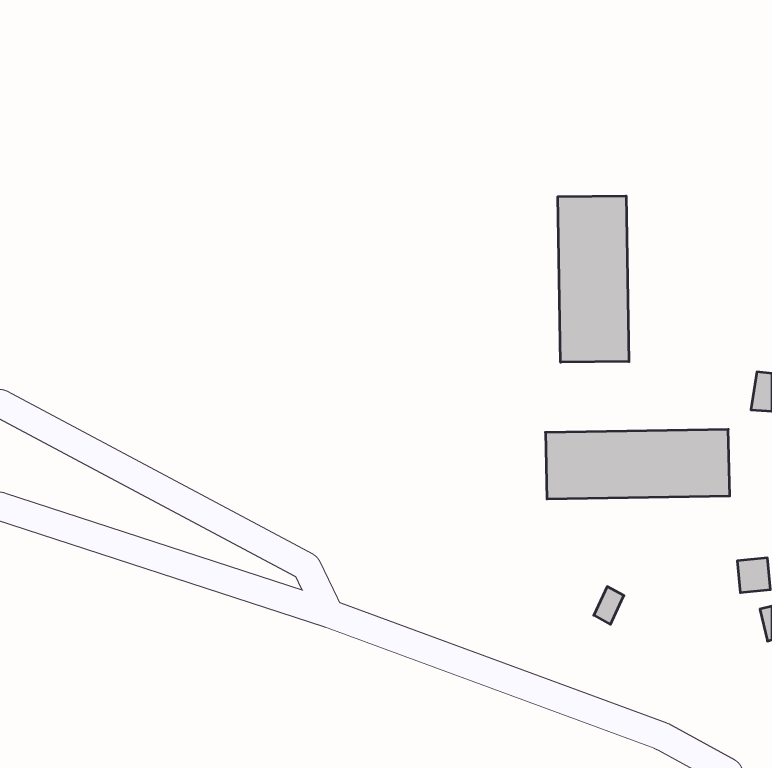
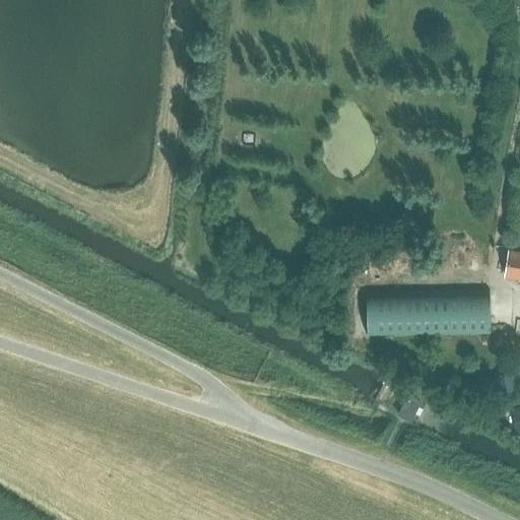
building: [558,196,629,362] -> none

